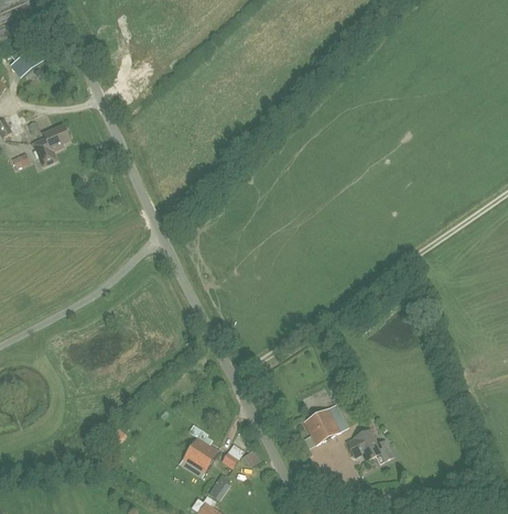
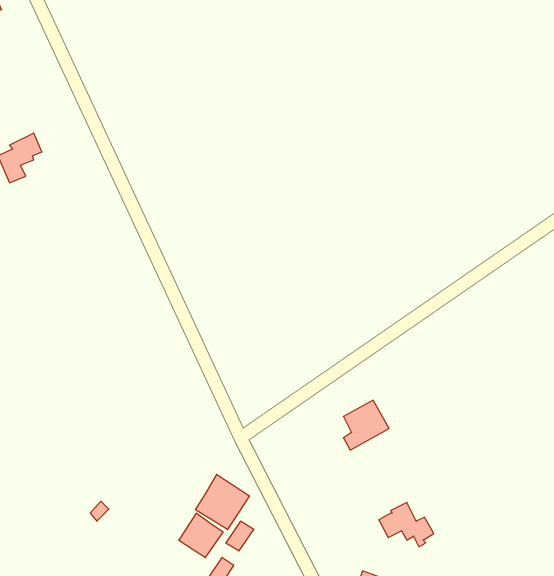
building: none -> [195,474,249,530]
building: [304,407,342,448] -> [343,400,389,450]

